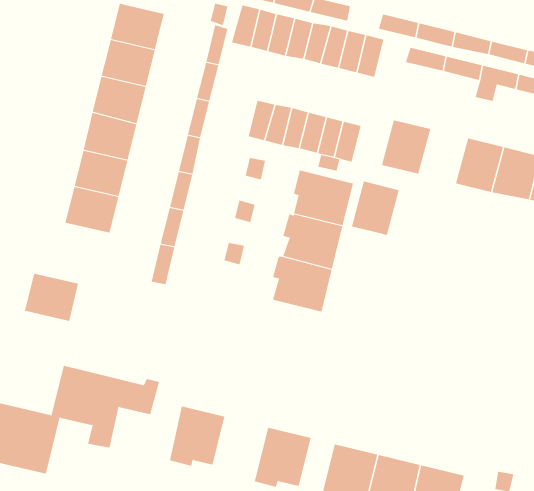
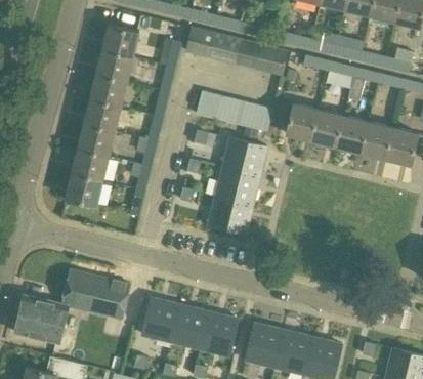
building: [351,181,400,235] -> [311,110,344,146]
building: [24,273,79,321] -> [66,173,102,206]
building: none -> [171,304,209,345]

